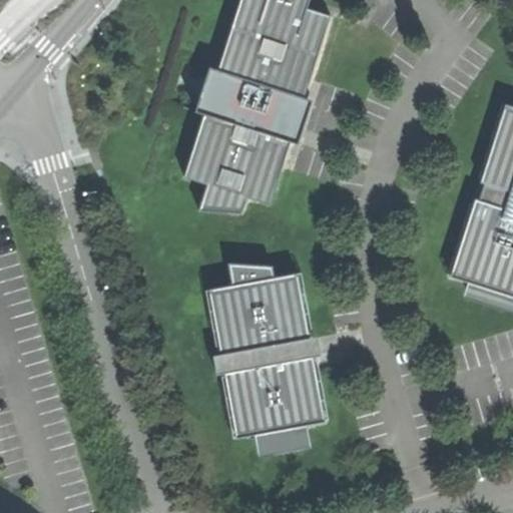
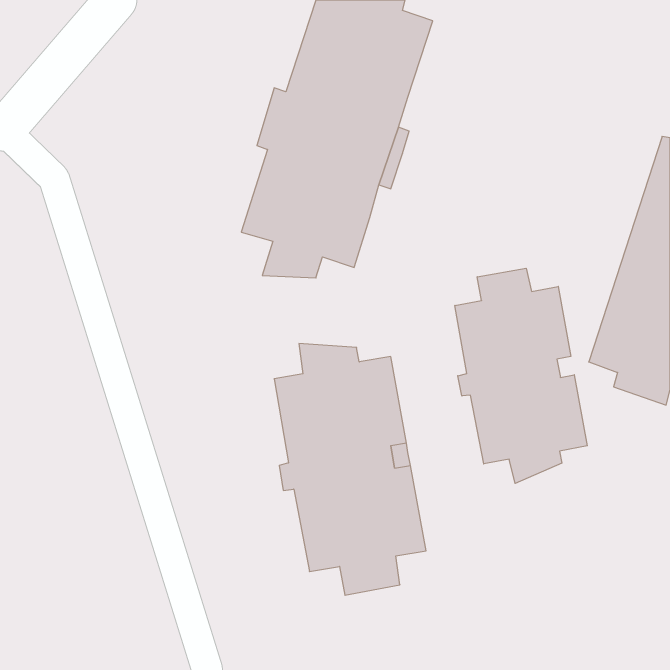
building: none -> [455,268,587,483]

